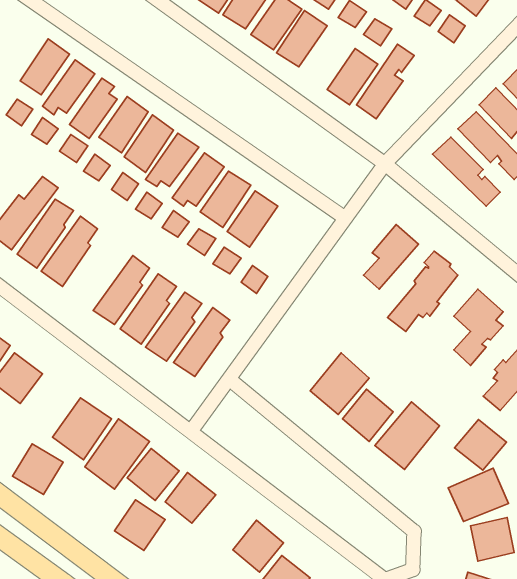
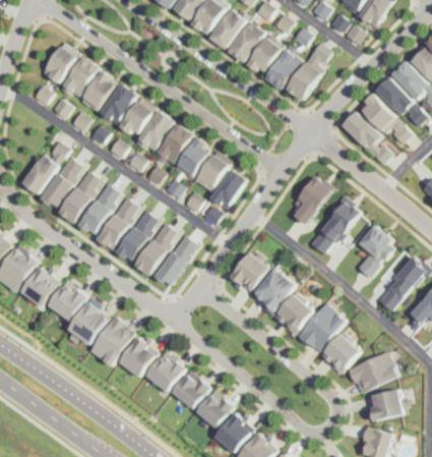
building: none -> [245,34,284,72]
building: none -> [211,169,247,210]
building: none -> [79,183,120,234]
building: none -> [231,254,267,292]
building: [455,420,507,470] -> [322,336,360,373]
building: [12,444,63,494] -> [50,283,86,320]
building: [114,500,165,550] -> [172,374,208,410]

